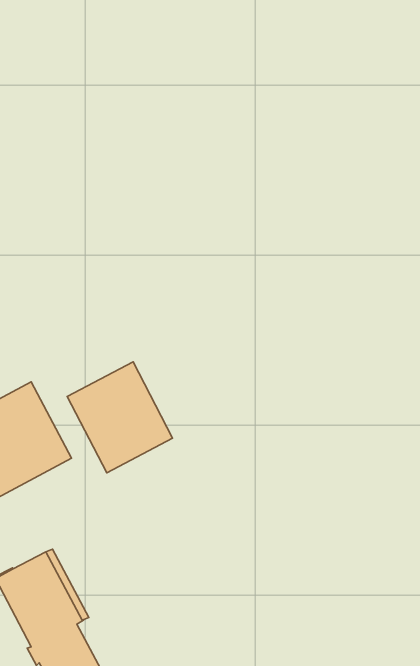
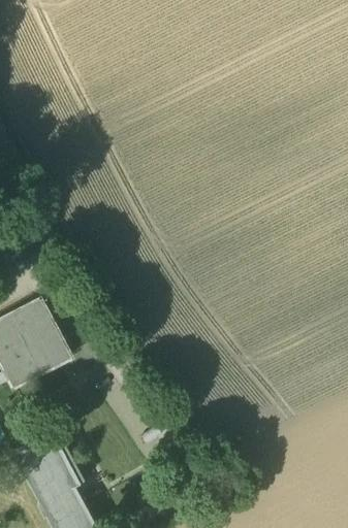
building: [67,362,173,473] -> none

